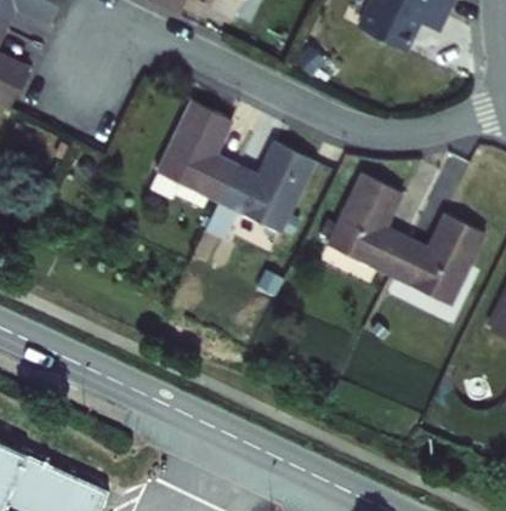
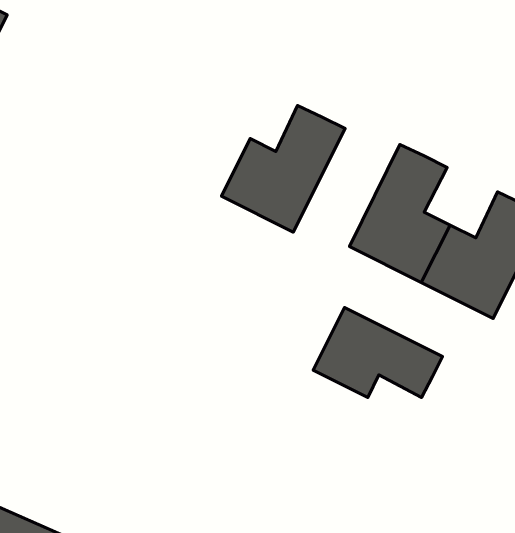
building: [155,86,240,204] -> none
building: none -> [313,308,443,397]

